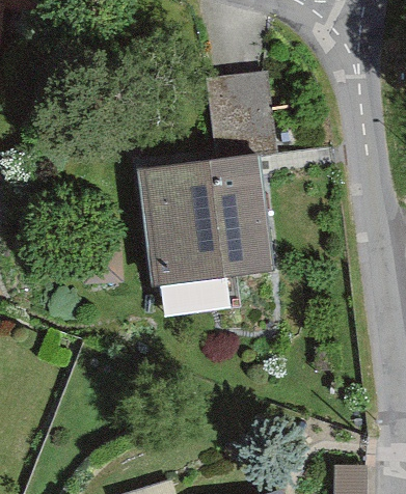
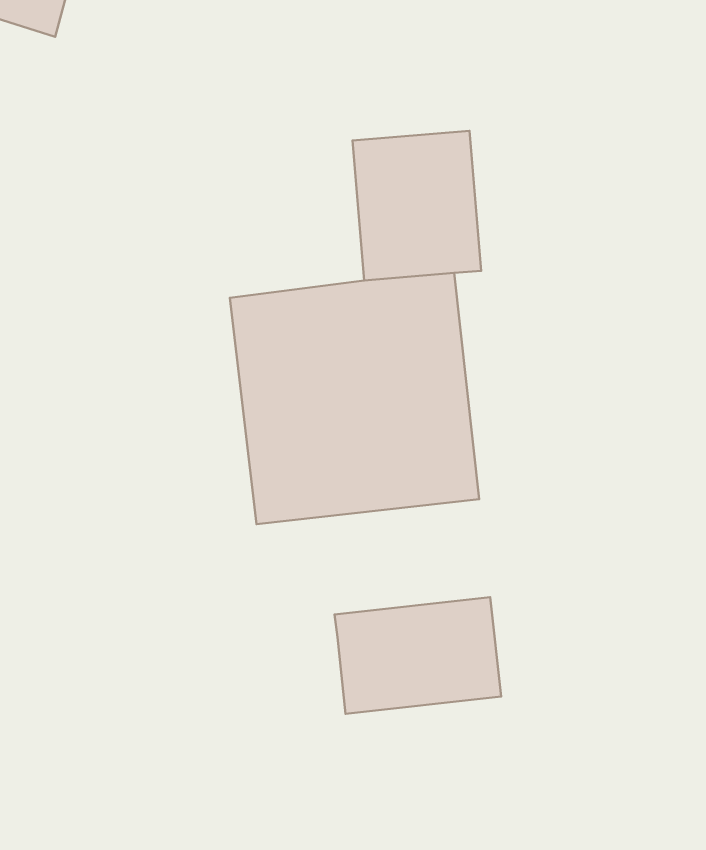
building: none -> [334,597,501,714]

